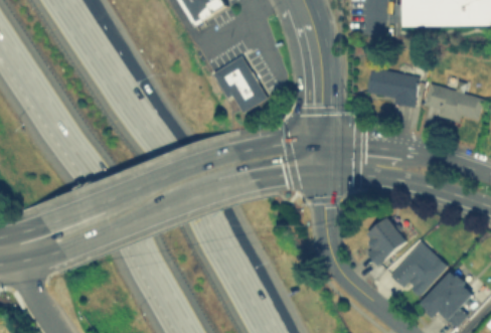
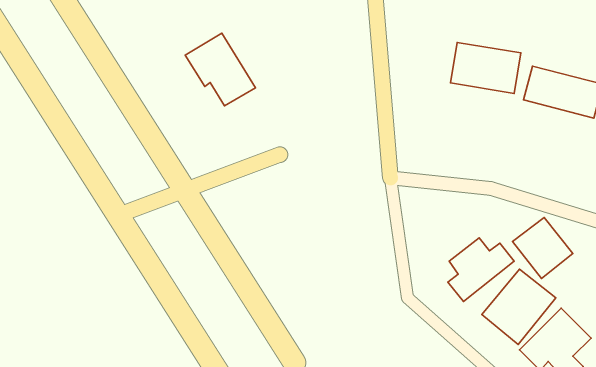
building: [213,56,268,113] -> [185,33,256,106]
building: none -> [513,217,573,279]

